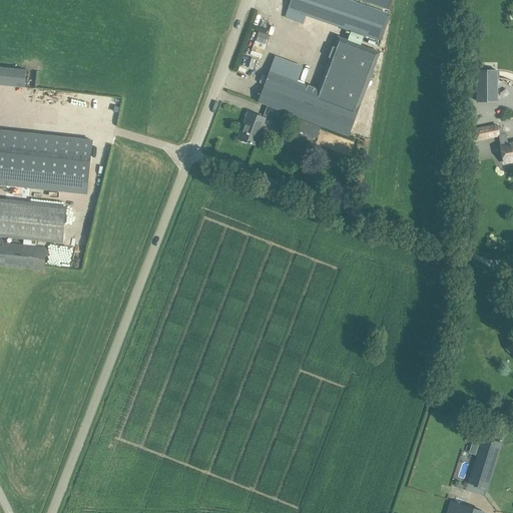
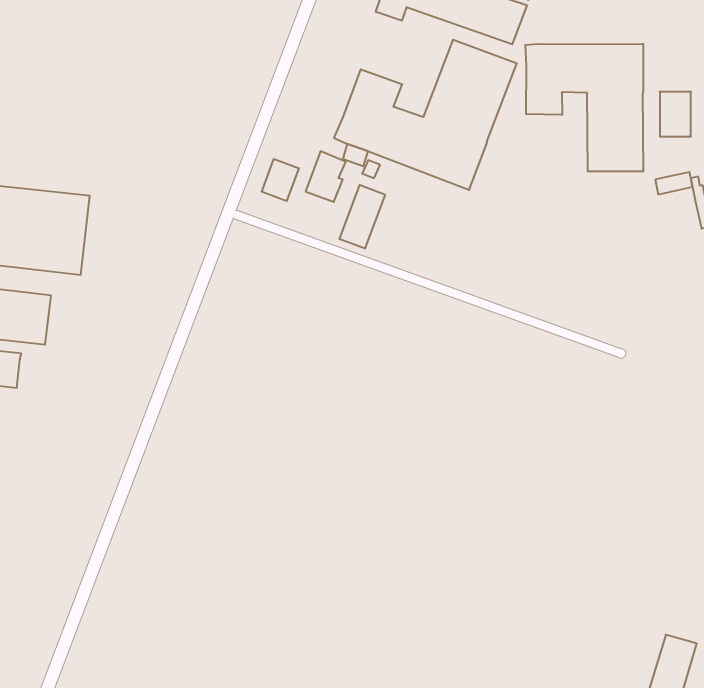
building: none -> [526,44,643,172]
building: none -> [262,159,299,201]
building: none -> [339,185,385,249]

